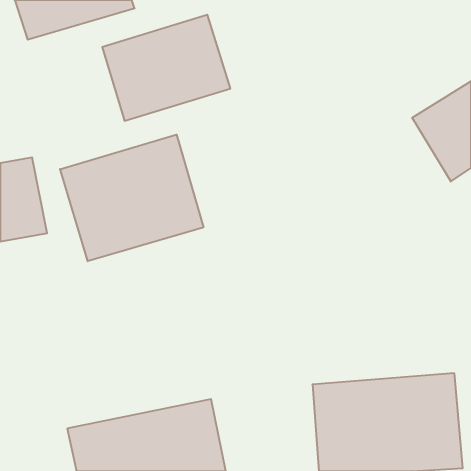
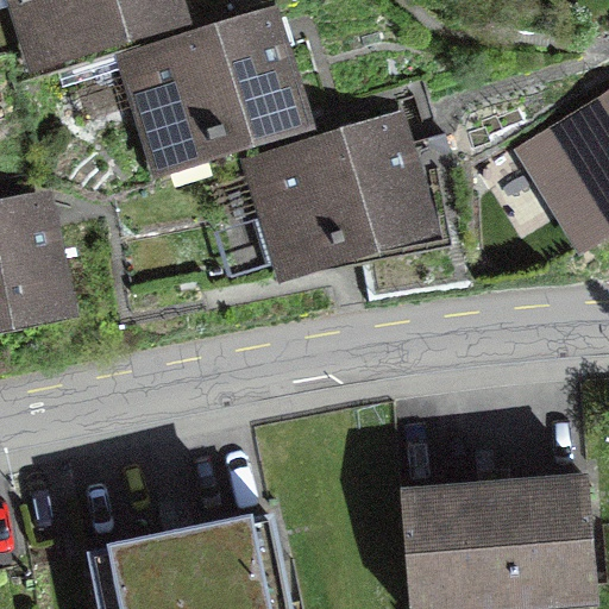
building: none -> [257,124,422,260]
building: [60,135,203,261] -> none

